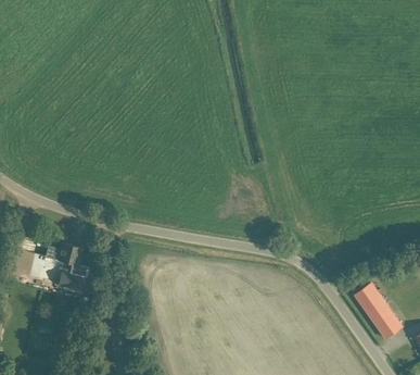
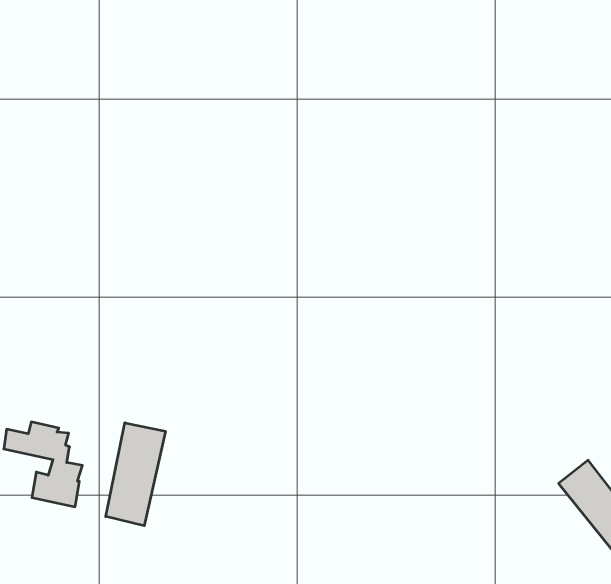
building: none -> [106,423,165,526]

